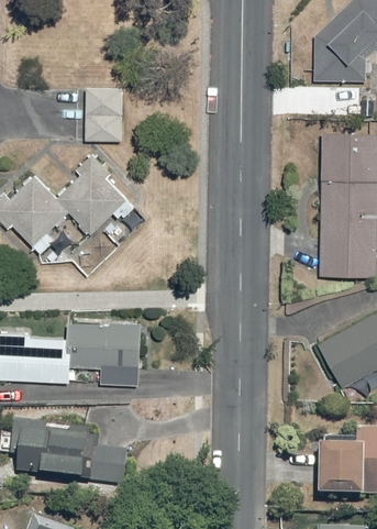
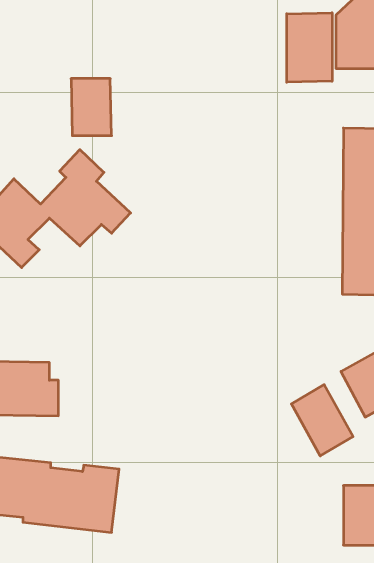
building: none -> [287,13,332,82]
building: [66,319,140,386] -> none
building: none -> [291,385,353,456]

